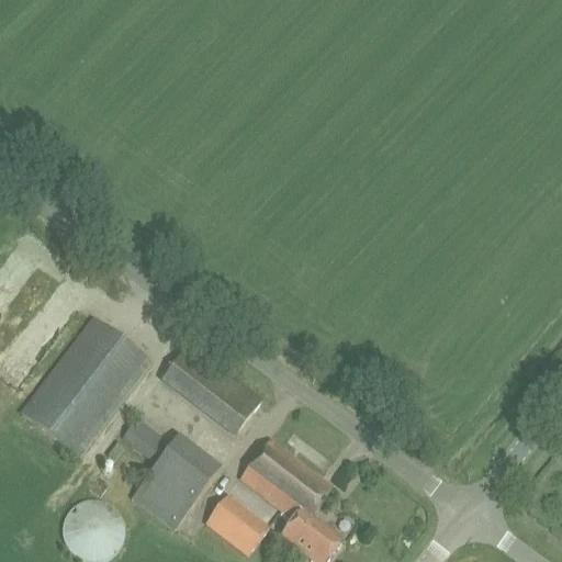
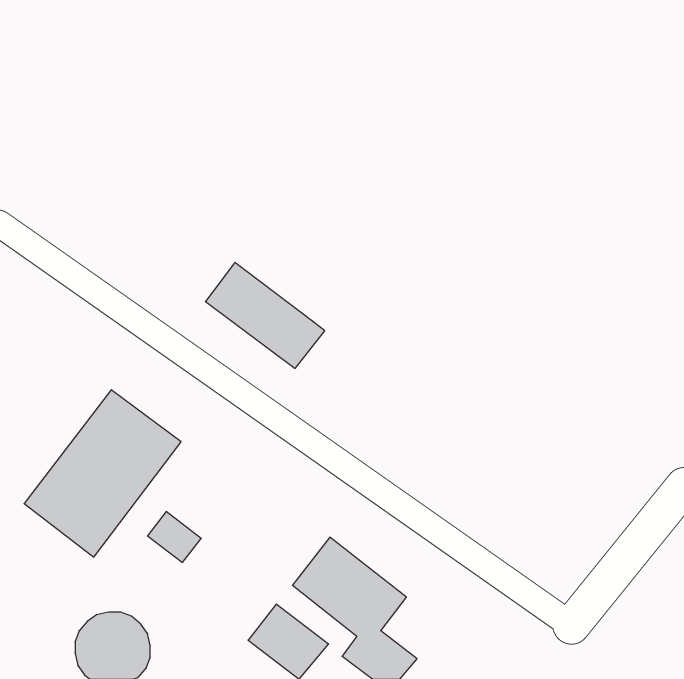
building: [164,346,261,432] -> [205,263,325,368]
building: [135,428,227,527] -> none

